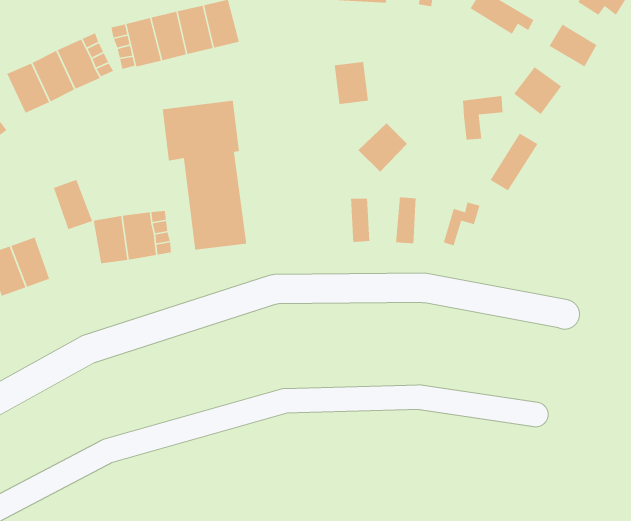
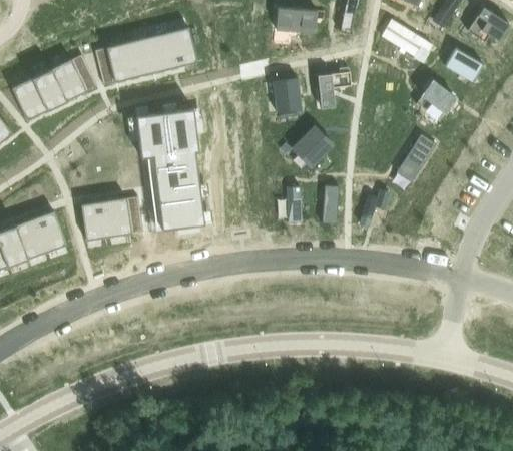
building: [462,95,503,140] -> [318,71,351,107]
building: [53,179,93,230] -> [34,210,66,252]

